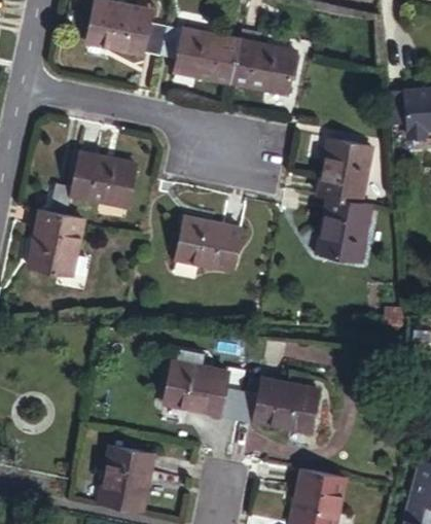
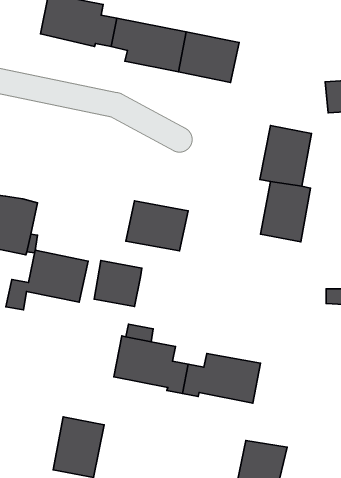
building: [49,153,136,216] -> [6,250,88,310]
building: none -> [94,260,142,306]

